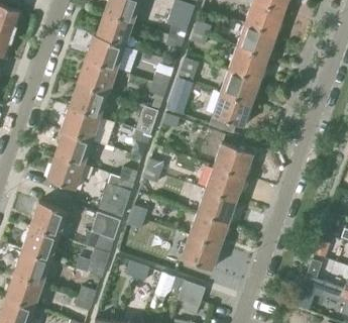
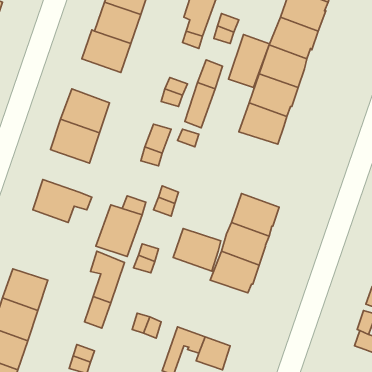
building: none -> [228,35,270,88]
building: [78,58,117,93] -> none
building: [54,131,92,165] -> none
building: [214,142,253,177] -> none
building: [30,202,68,235] -> none
building: [181,235,219,270] -> [173,228,221,271]

